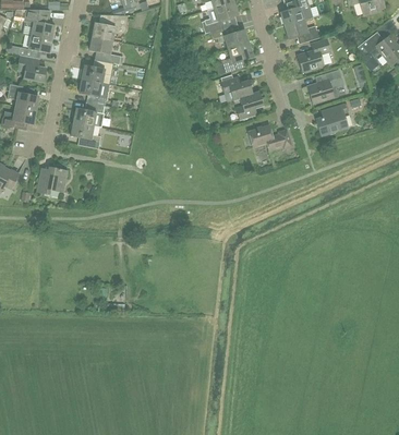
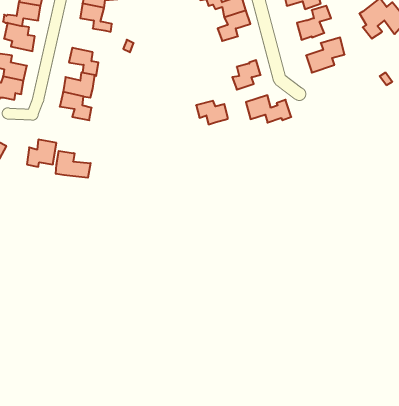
building: [82,60,113,84] -> none
building: [221,76,252,99] -> [196,101,228,124]
building: [317,104,347,134] -> none
building: none -> [56,151,91,178]

